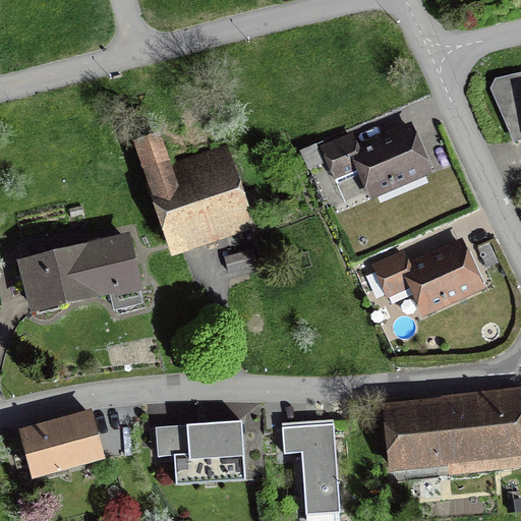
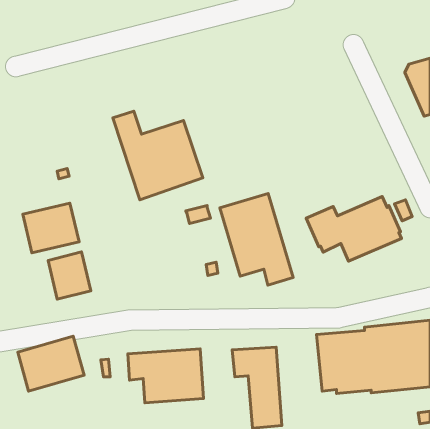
building: [298,120,433,202] -> none
building: none -> [220,193,293,285]
building: [84,235,136,292] -> [48,252,91,299]

